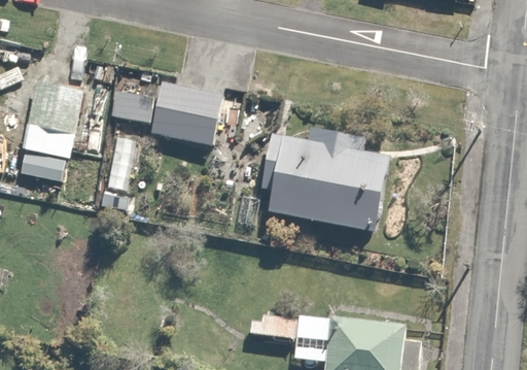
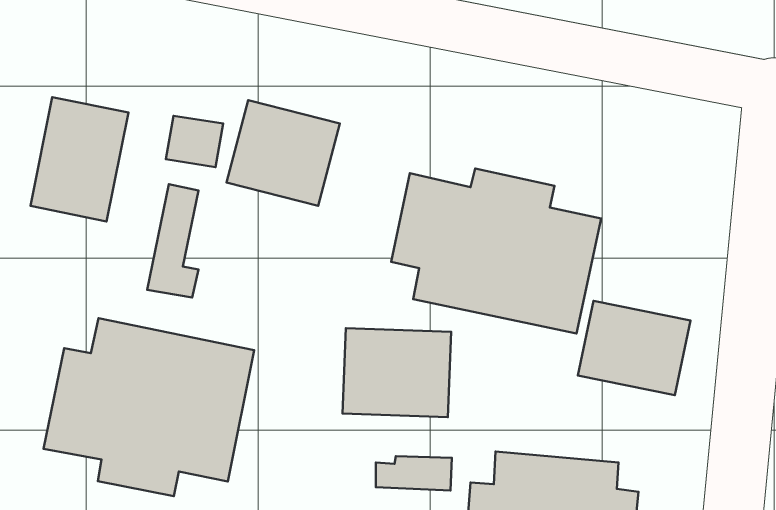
building: none -> [578,301,691,395]
building: none -> [43,318,254,496]
building: none -> [342,328,451,417]

